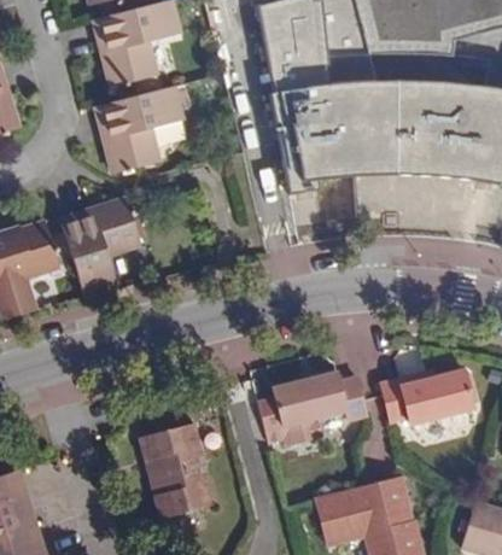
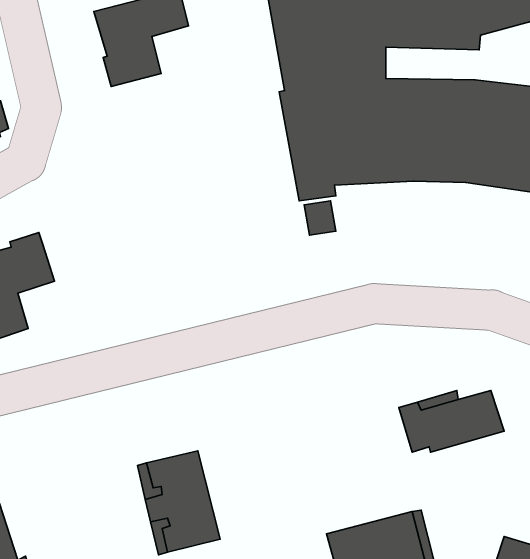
building: [100,84,186,173] -> none
building: [63,198,141,297] -> none
building: [267,374,366,431] -> none

